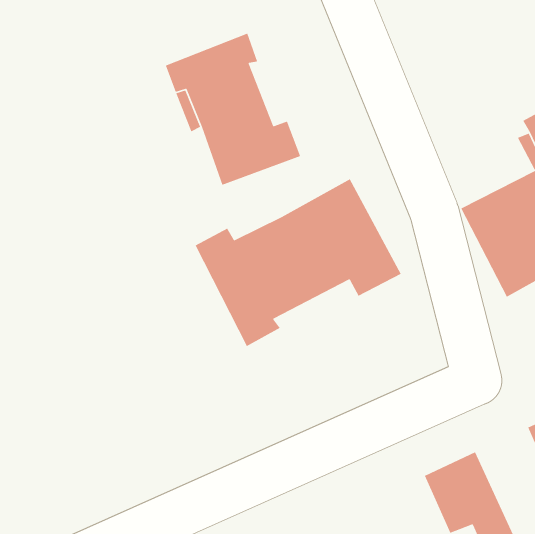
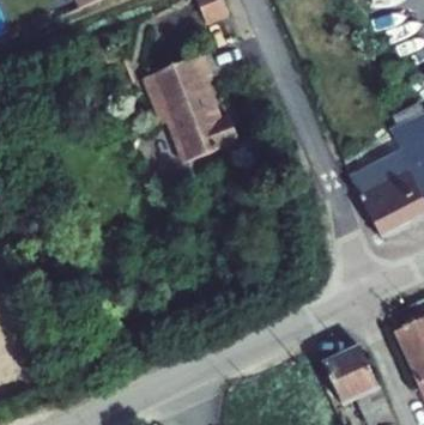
building: [194,178,402,347] -> none

